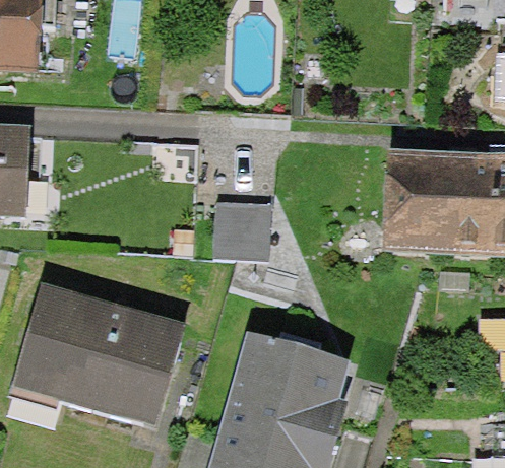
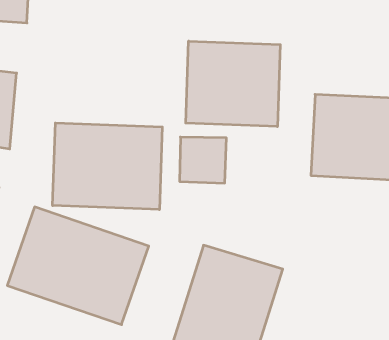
building: none -> [186,41,280,127]
building: none -> [53,123,162,210]

